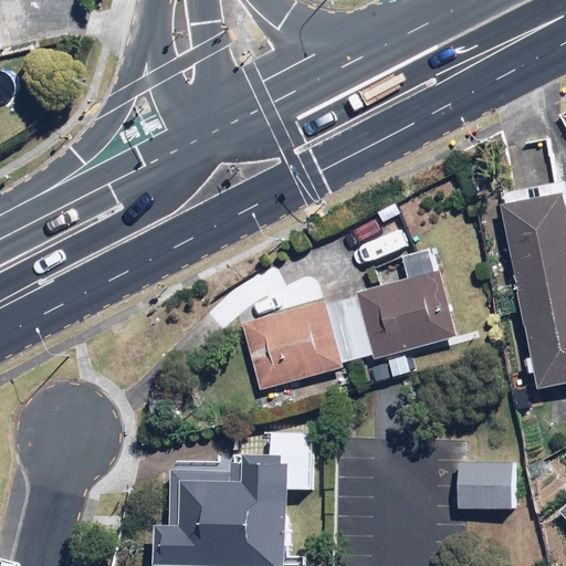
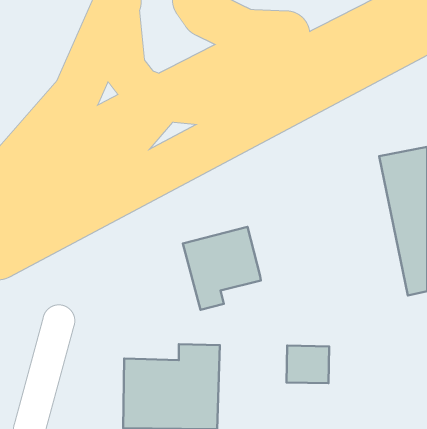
building: [326,252,460,380] -> none
building: [457,462,513,512] -> [286,346,329,383]

